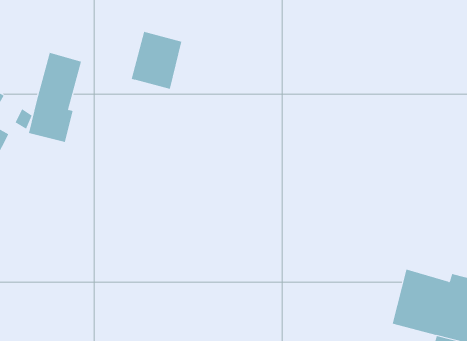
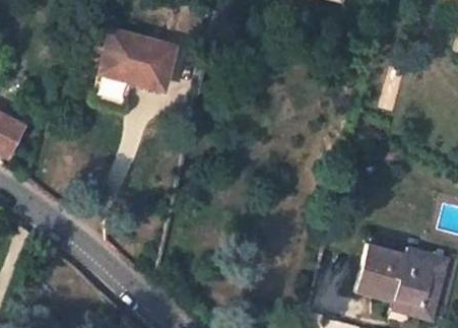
building: [28,52,82,142] -> [96,29,143,108]

